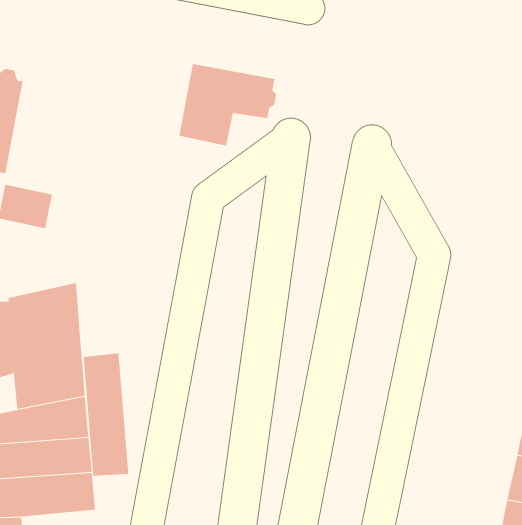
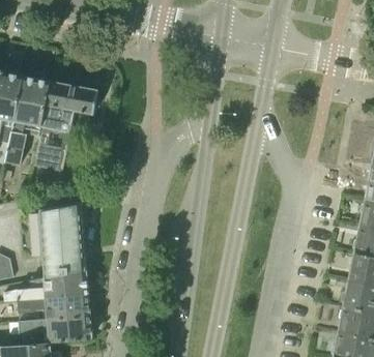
building: [178,63,277,146] -> [40,81,99,130]
building: [83,353,129,476] -> none

